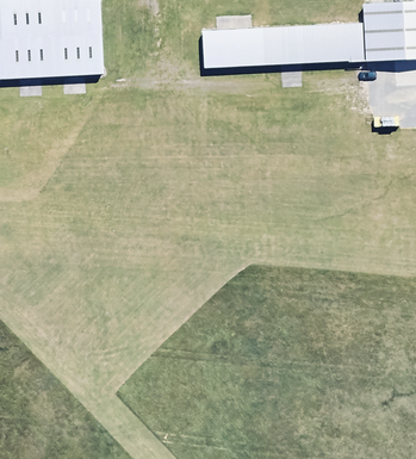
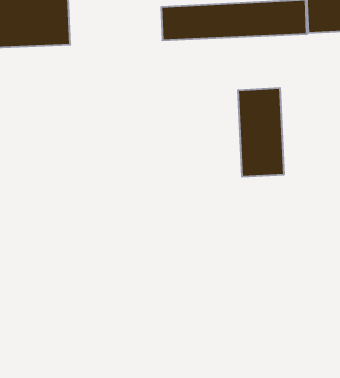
building: none -> [238,88,284,177]

